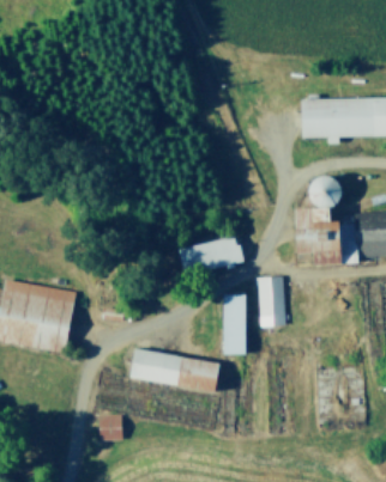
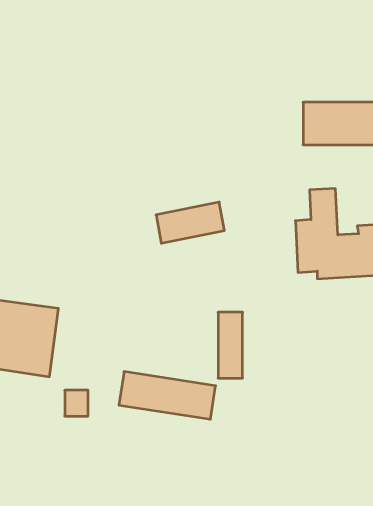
building: [180,236,243,274] -> [156,202,224,243]
building: [258,276,284,325] -> none
building: [99,416,121,440] -> [65,390,88,416]

